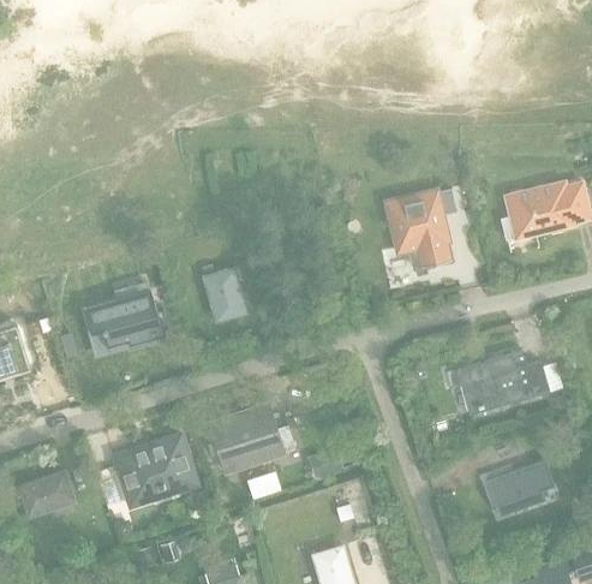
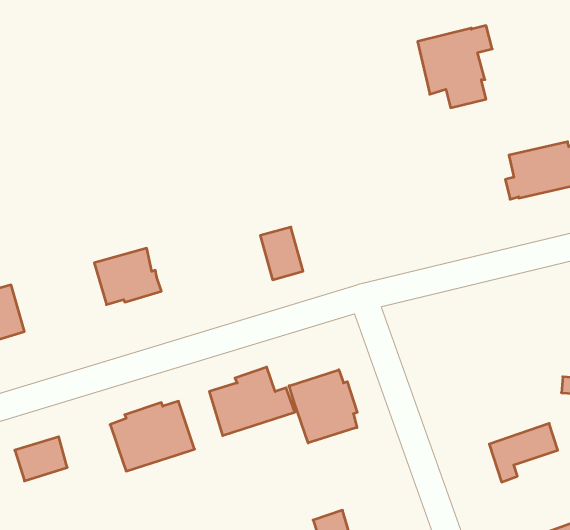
building: [388,197,461,278] -> [418,26,492,108]
building: [201,269,243,321] -> [260,227,303,280]
building: [459,352,549,412] -> none
building: none -> [289,370,357,443]

